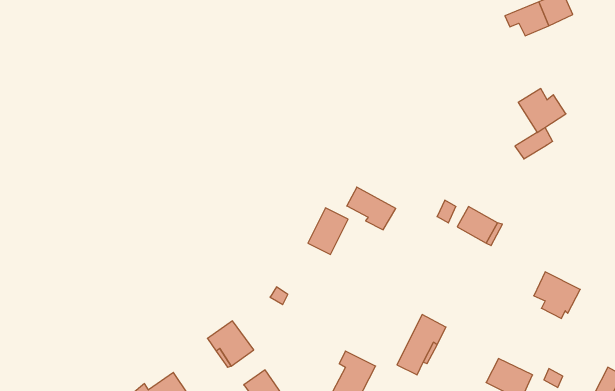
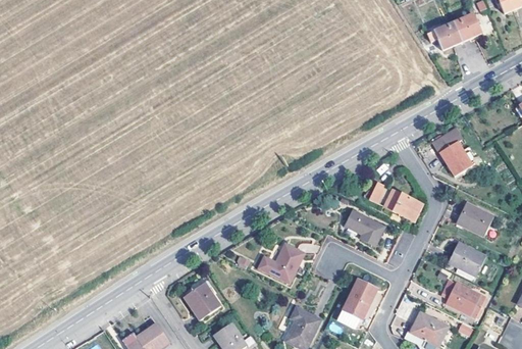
building: [518,89,566,133] -> [440,139,479,174]
building: [347,187,396,230] -> [346,209,385,244]
building: [308,208,348,254] -> [271,243,304,281]
building: none -> [457,202,494,235]
building: none -> [441,279,485,316]

